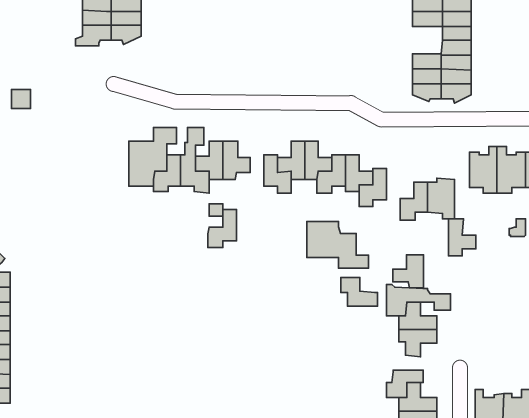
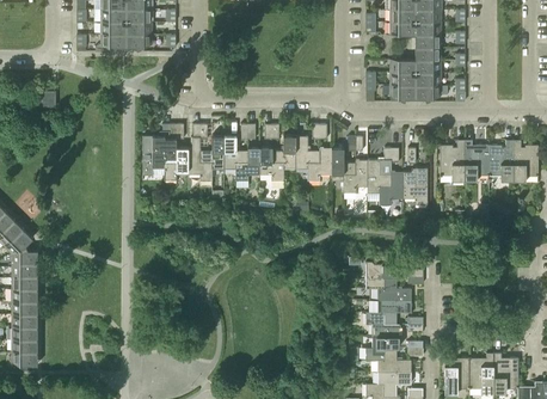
building: [208,209,237,248] -> [234,148,259,182]
building: [448,219,476,256] -> [367,160,391,192]
building: [307,221,369,268] -> none
building: [393,255,423,288] -> none
building: [341,277,377,306] -> [367,312,399,337]

